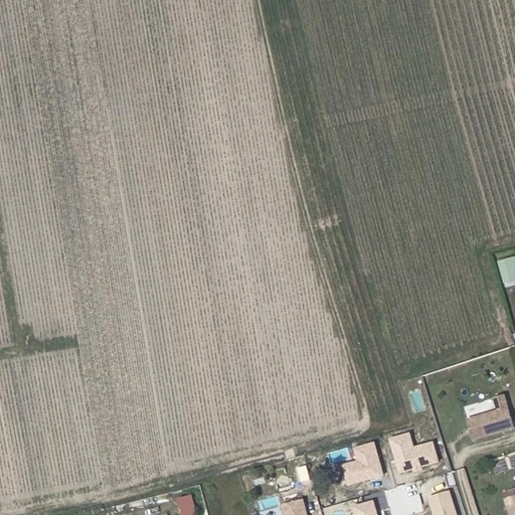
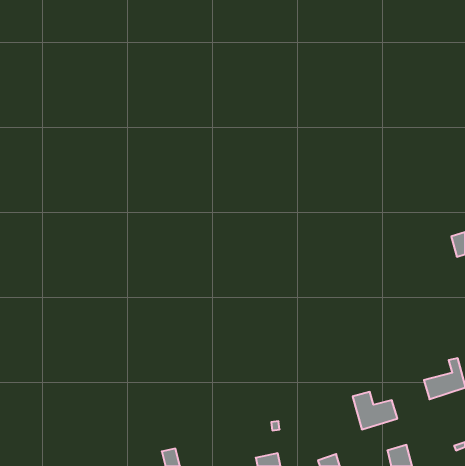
building: [340,441,382,485] -> none

